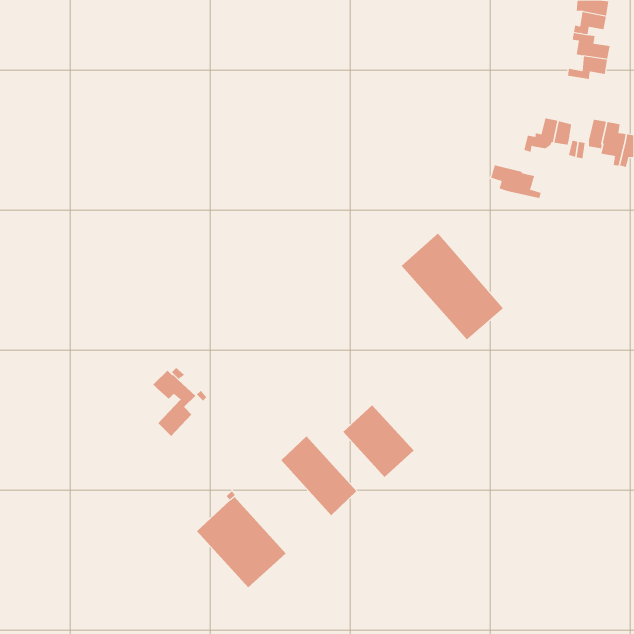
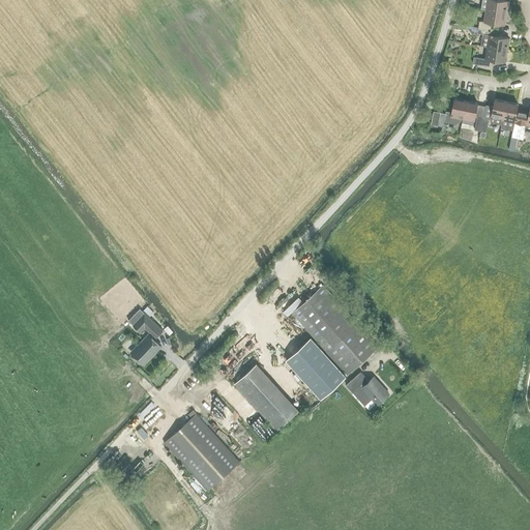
building: [490,164,541,199] -> none
building: [401,232,504,340] -> [292,285,378,375]
building: none -> [346,372,389,406]

